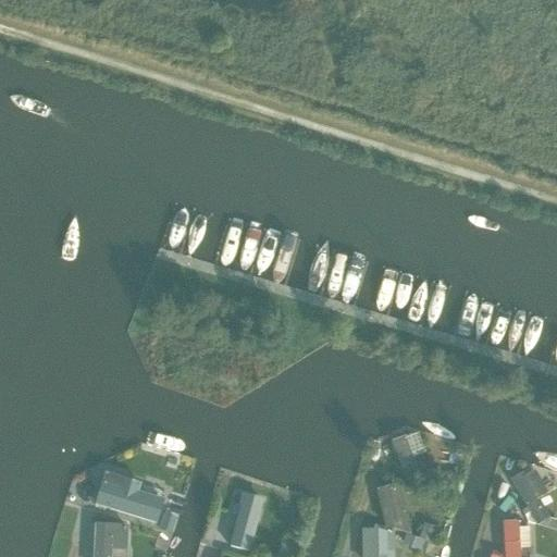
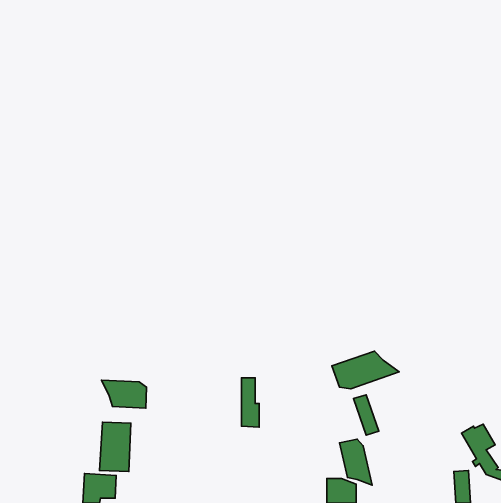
building: none -> [332,351,399,389]
building: none -> [101,380,147,408]
building: [232,495,251,549] -> [241,378,259,427]

